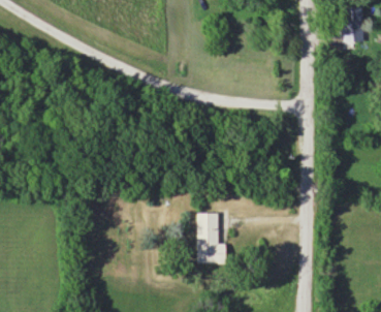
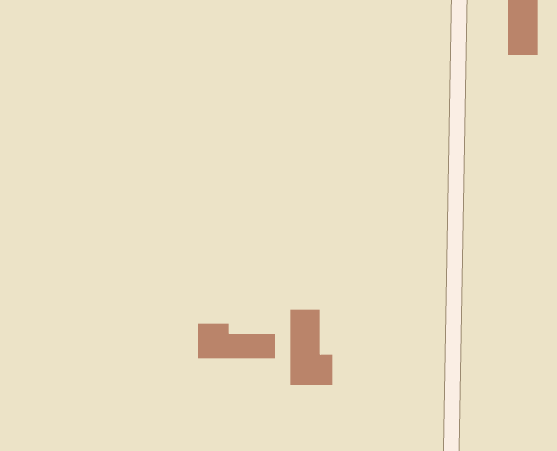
building: none -> [197,323,275,359]

